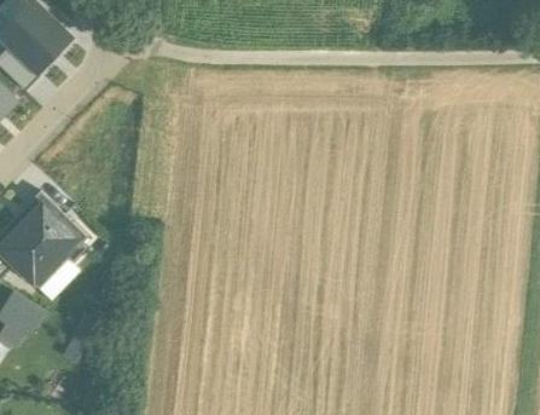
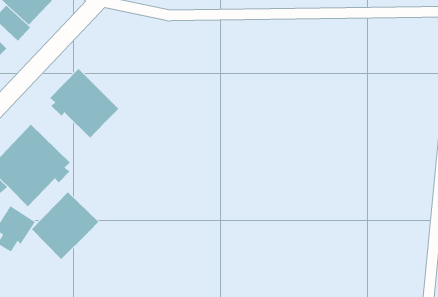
building: none -> [49,68,119,139]
building: none -> [31,191,99,260]

